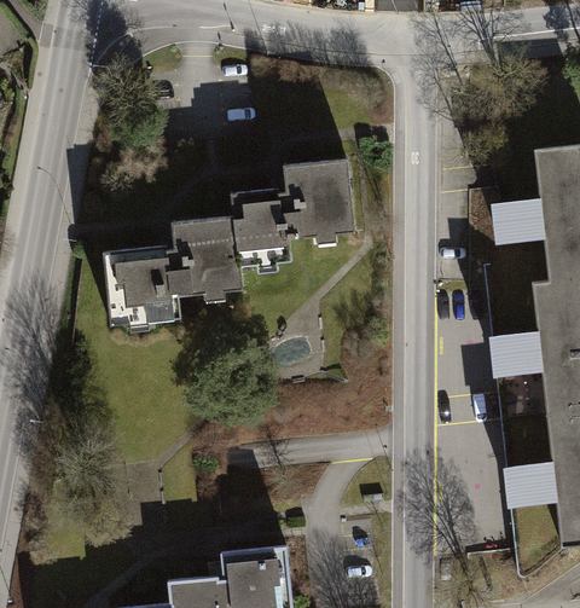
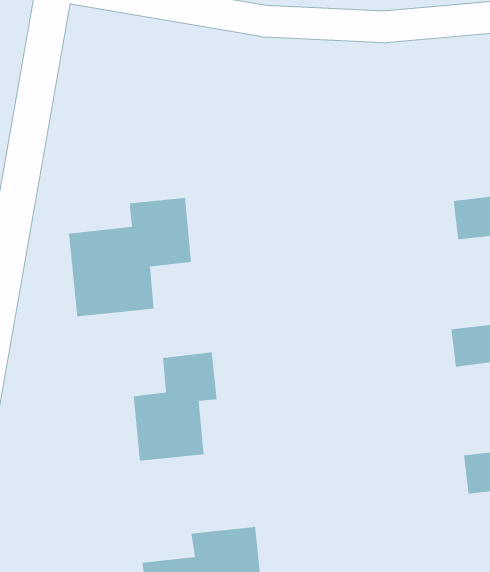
building: [214,151,350,276] -> none
building: none -> [133,352,218,462]

